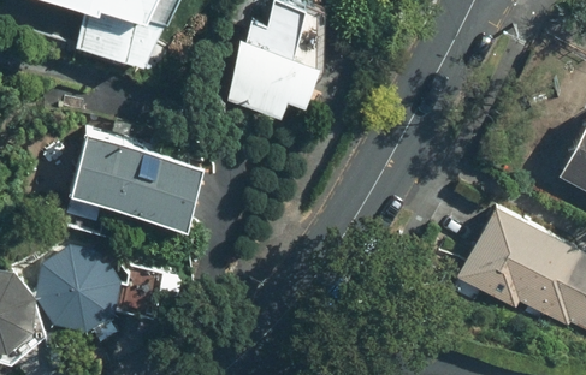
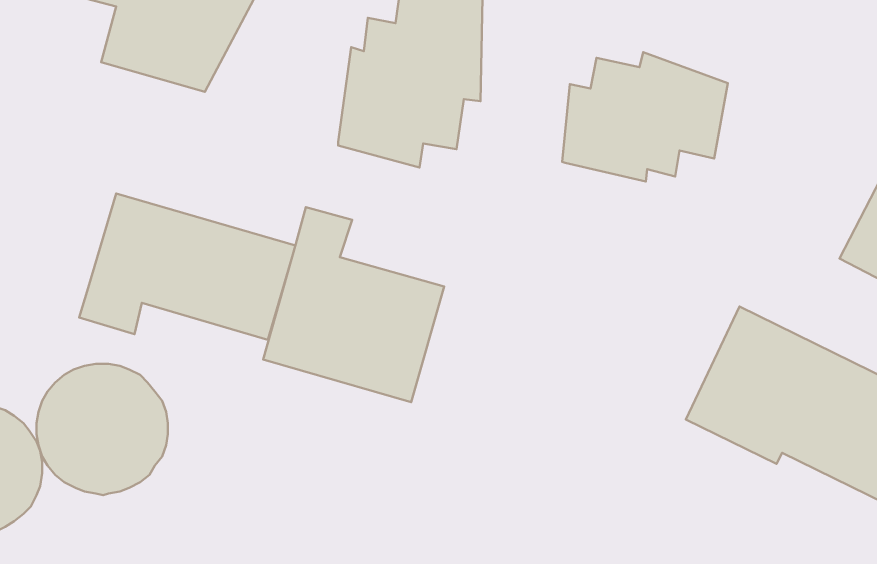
building: none -> [562,52,728,181]
building: none -> [263,207,444,402]

